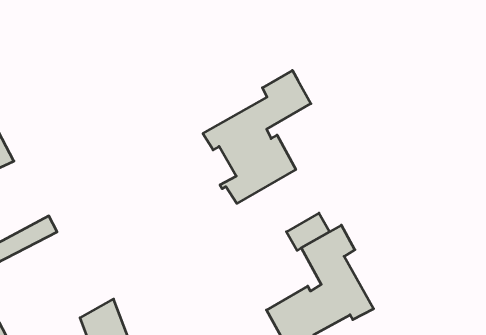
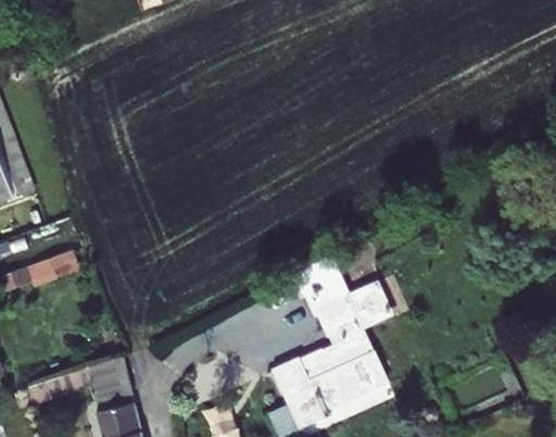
building: [203,70,311,203] -> none
building: none -> [299,262,344,299]

